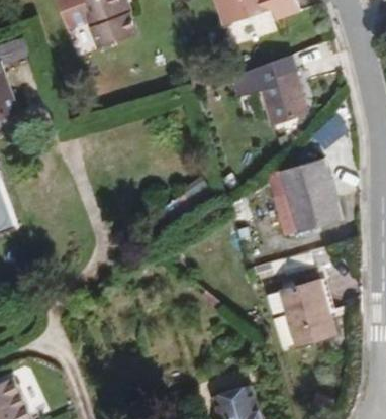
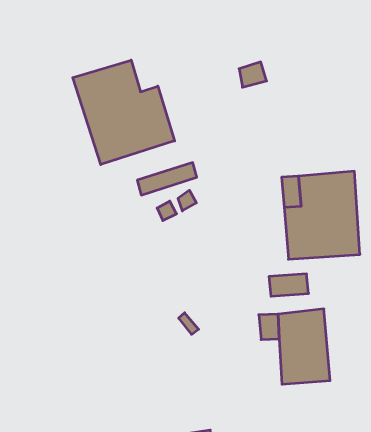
building: [263,55,316,121] -> none
building: none -> [73,60,175,165]

